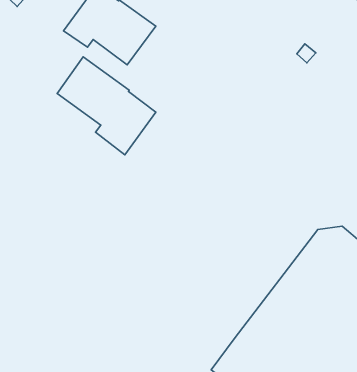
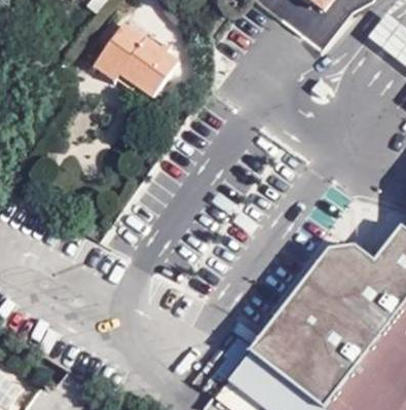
building: [57,57,156,155] -> none

